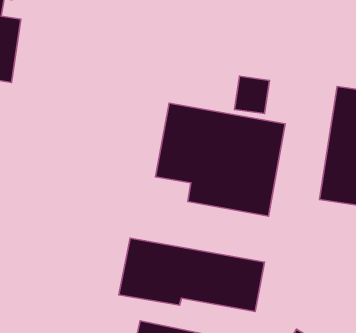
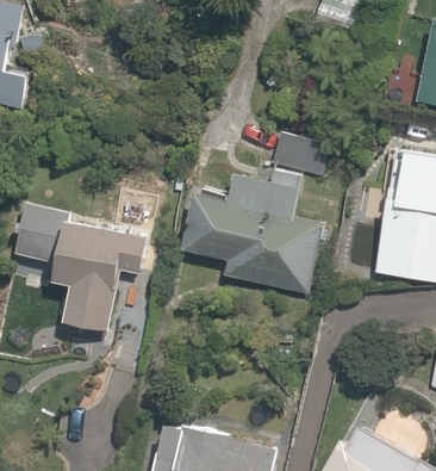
building: none -> [10,198,154,334]
building: [119,238,265,312] -> none

